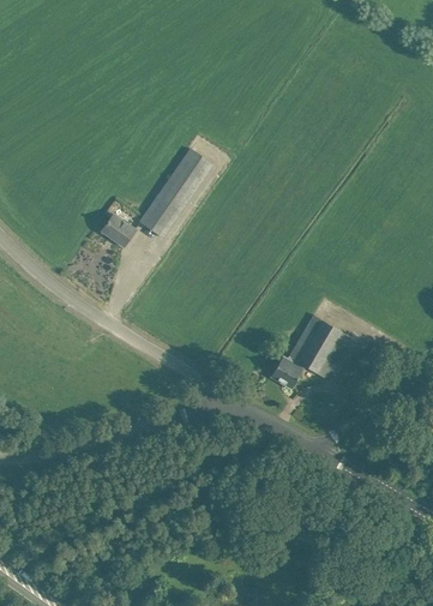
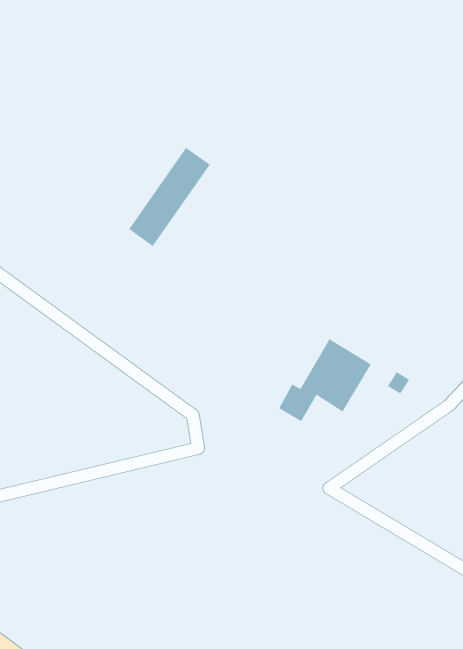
building: [100,214,134,246] -> none

